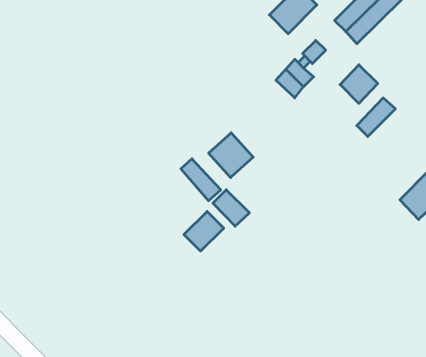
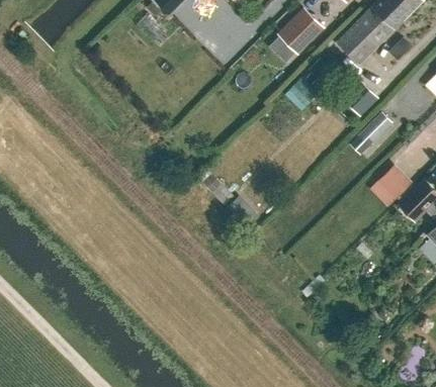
building: [209,133,253,178] -> none
building: none -> [370,165,413,207]
building: [184,211,224,251] -> none

